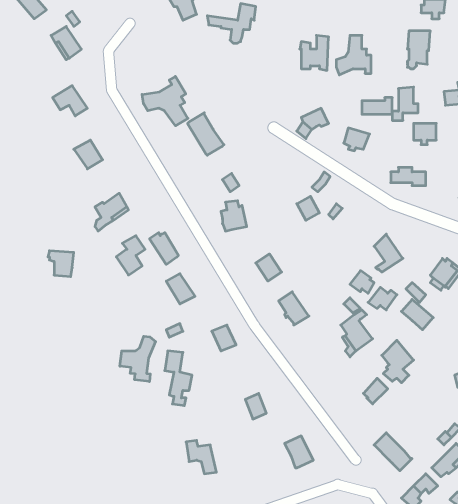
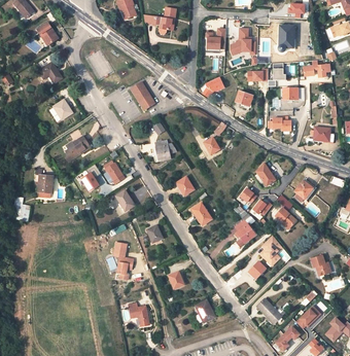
building: [142,76,188,126] -> none
building: [120,336,156,382] -> none

